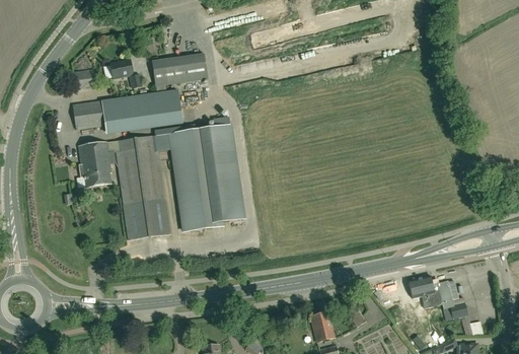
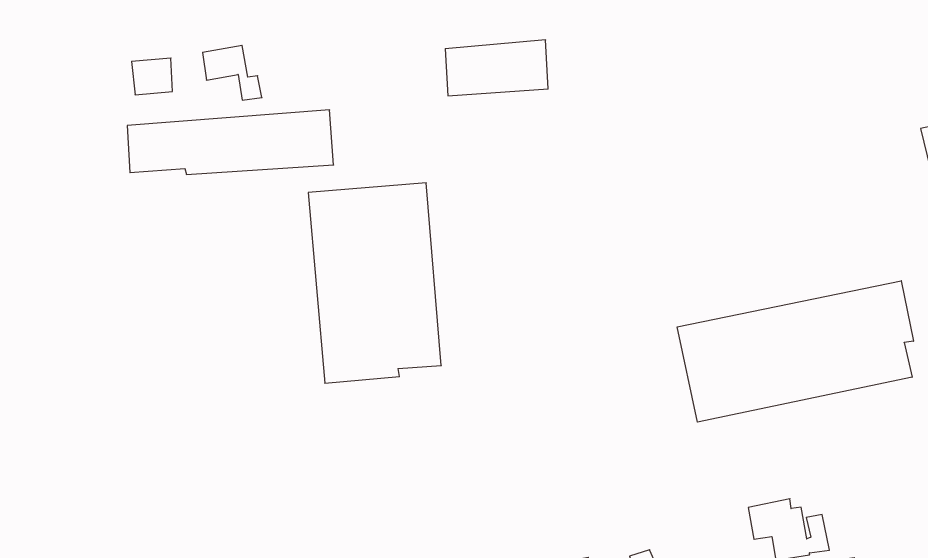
building: [152,53,207,85] -> [445,40,548,96]
building: [78,135,170,239] -> none
building: none -> [677,281,913,422]

